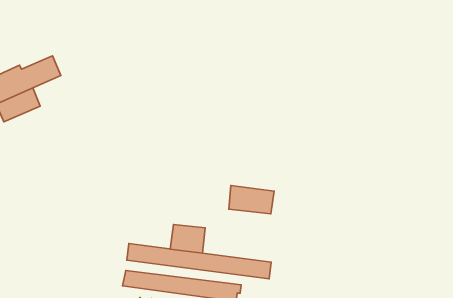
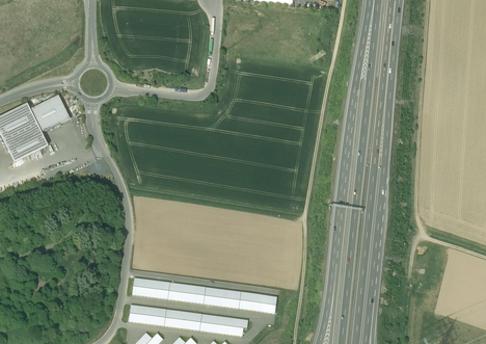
building: [229,185,274,214] -> none
building: [170,225,205,253] -> none

